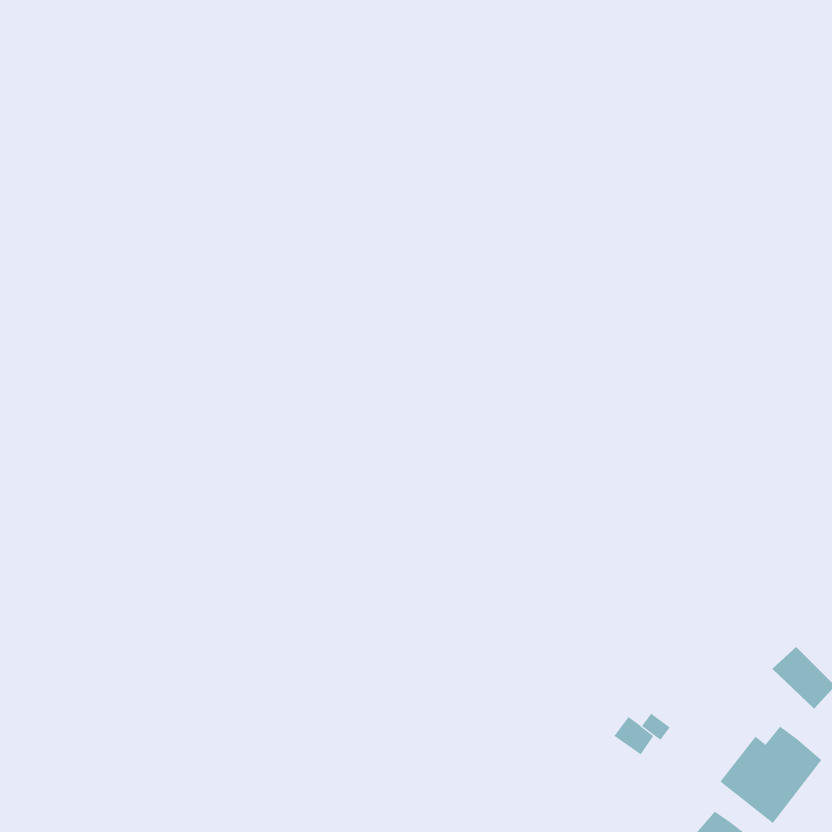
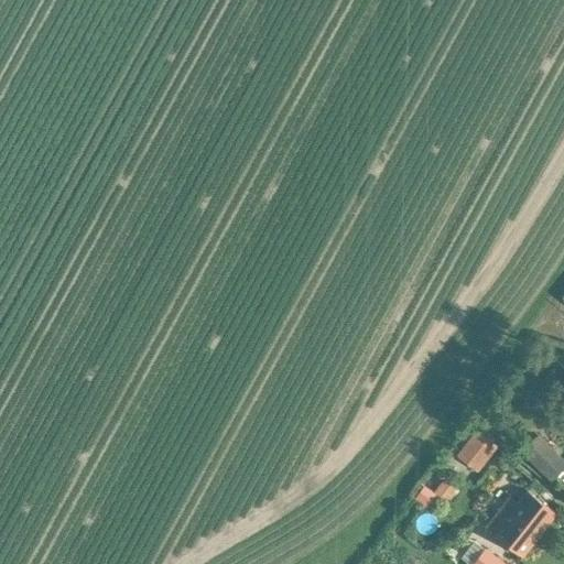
building: none -> [457,423,497,469]

